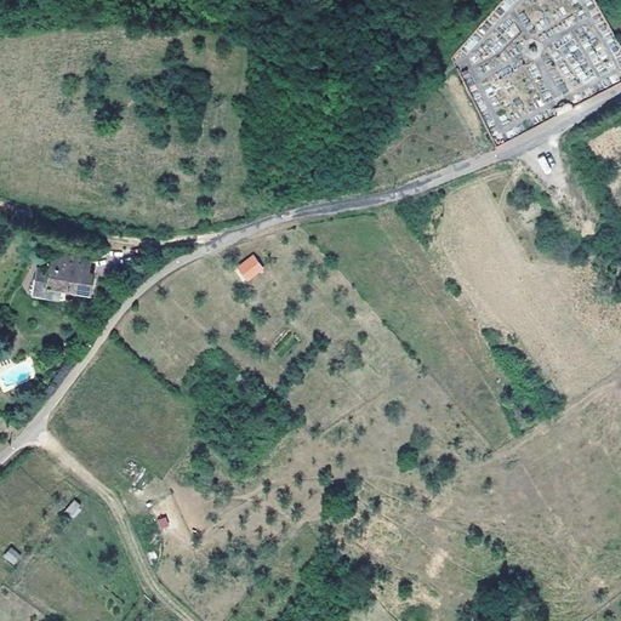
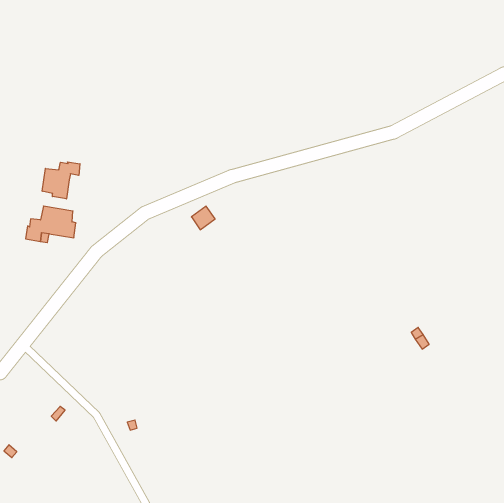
building: none -> [42,162,80,199]

